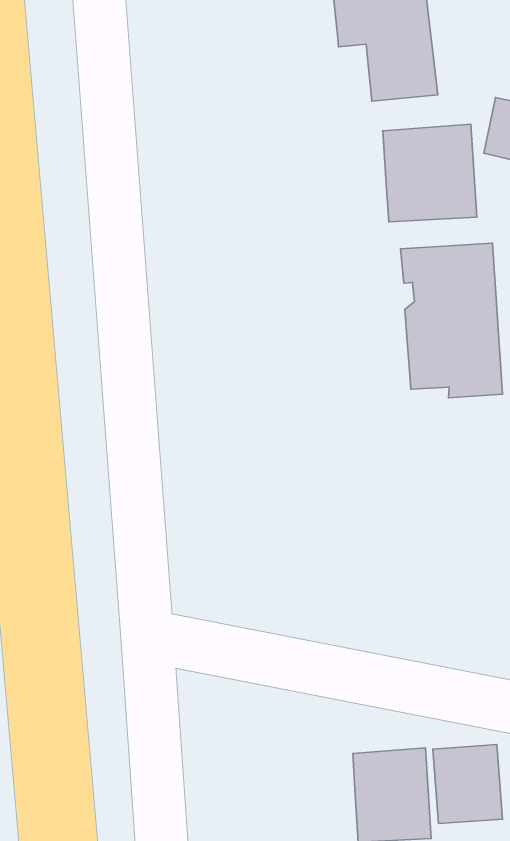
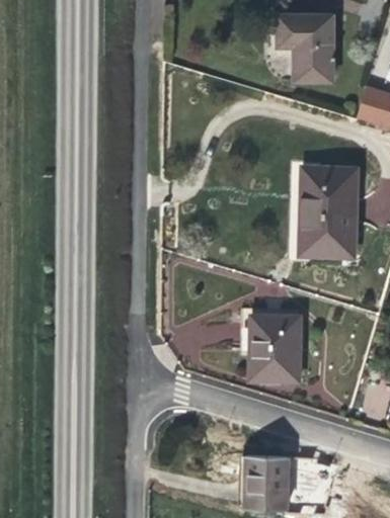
building: [383,124,477,222] -> none
building: none -> [250,316,299,381]

